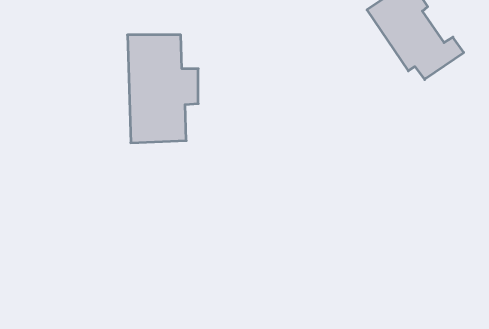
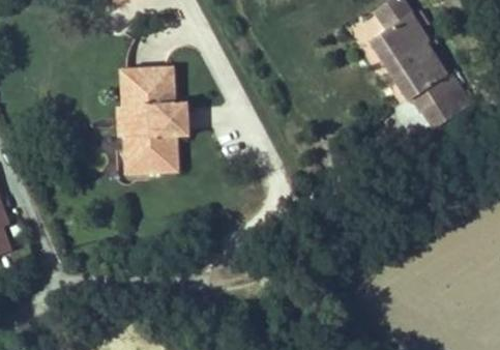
building: none -> [415,84,464,127]

